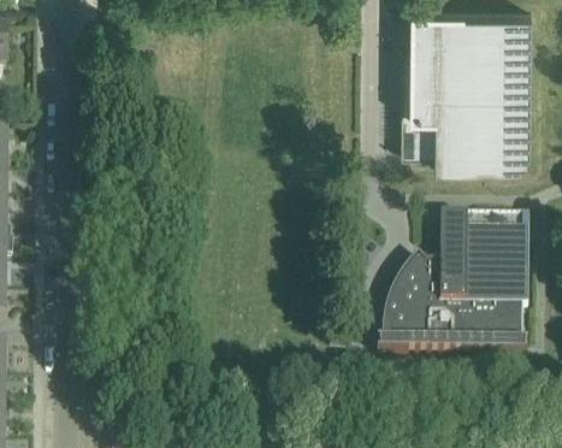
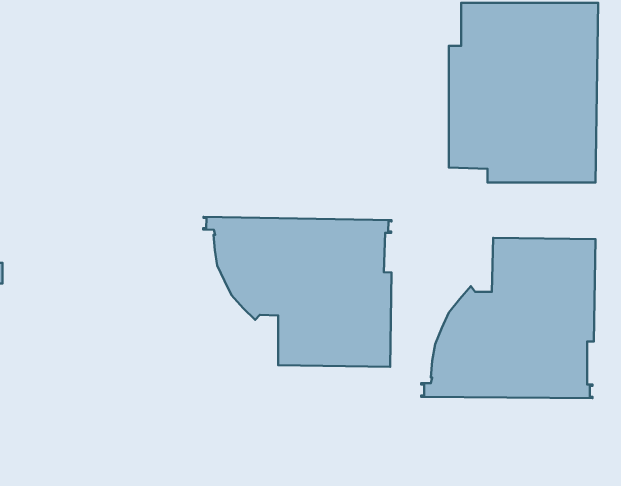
building: none -> [203,217,392,367]

